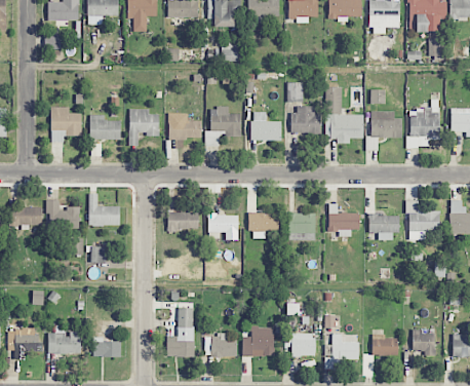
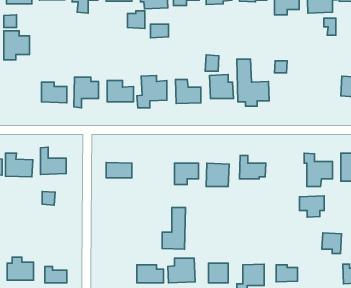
building: none -> [128,11,145,28]
building: [405,100,439,147] -> none
building: [50,107,81,142] -> [4,31,29,60]
building: [365,111,401,151] -> none
building: [207,214,238,240] -> none
building: [368,215,398,240] -> [299,196,324,217]
building: [166,307,194,357] -> [162,207,185,249]
building: [412,331,435,355] -> [322,233,341,253]

